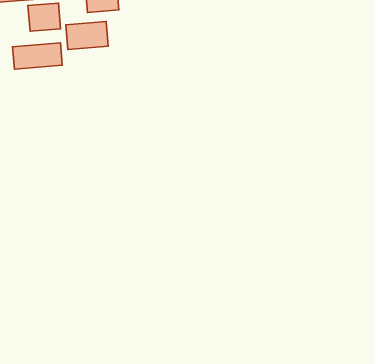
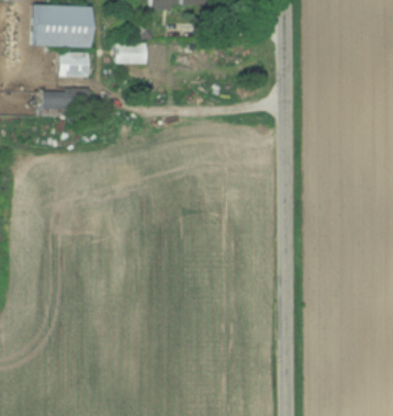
building: [66,21,108,50] -> none

